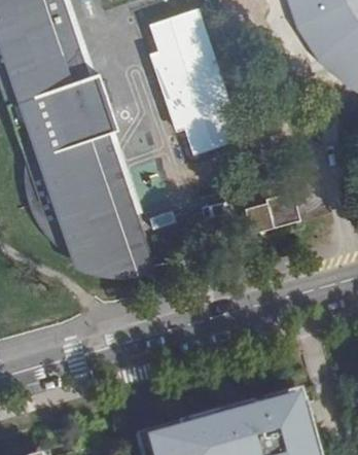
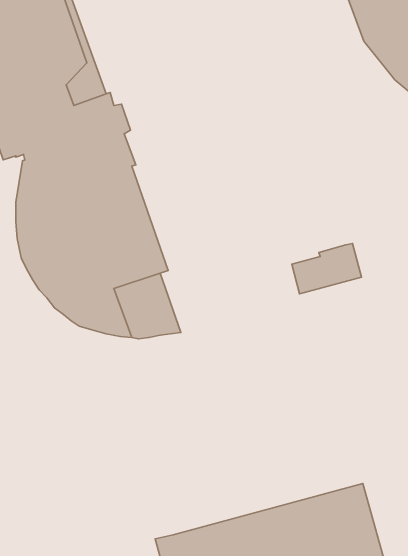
building: [148,10,242,155] -> none

